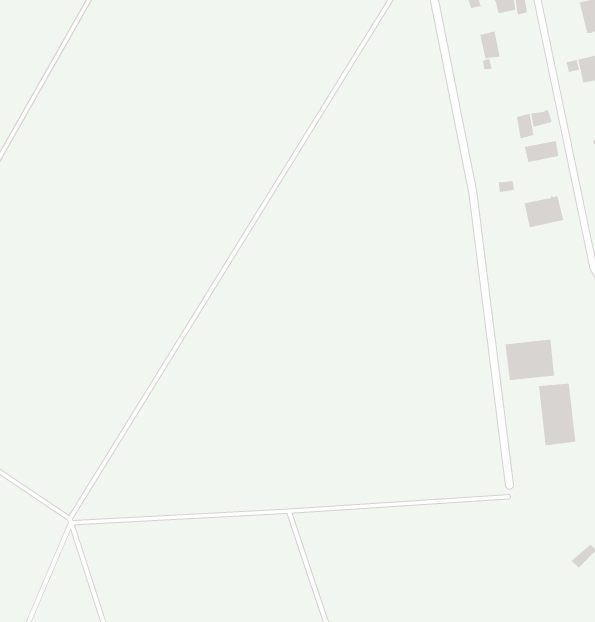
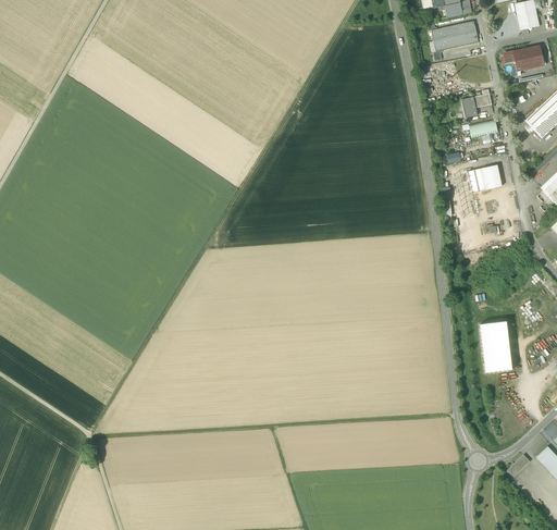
building: none -> [444,21,479,49]
building: [505,339,555,381] -> none

